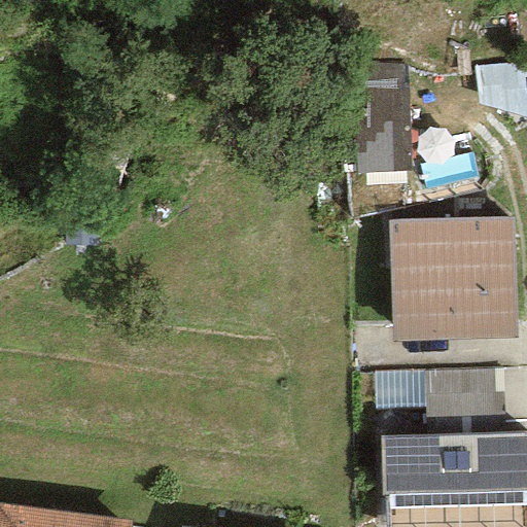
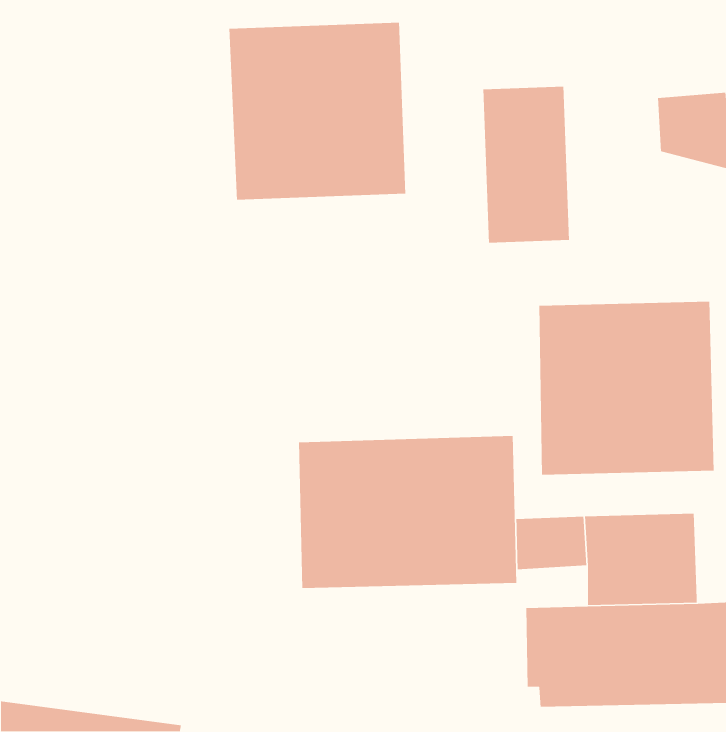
building: none -> [228,22,406,200]
building: none -> [298,435,517,589]

